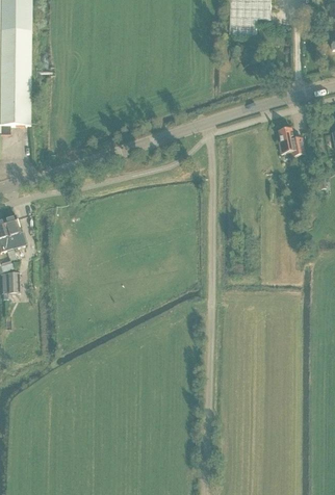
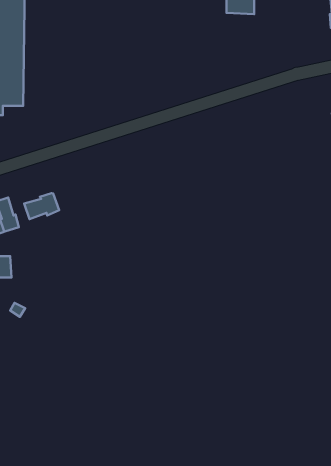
building: [278,127,305,154] -> none
building: none -> [24,193,59,219]

